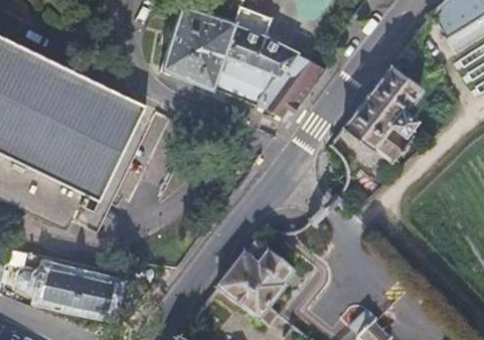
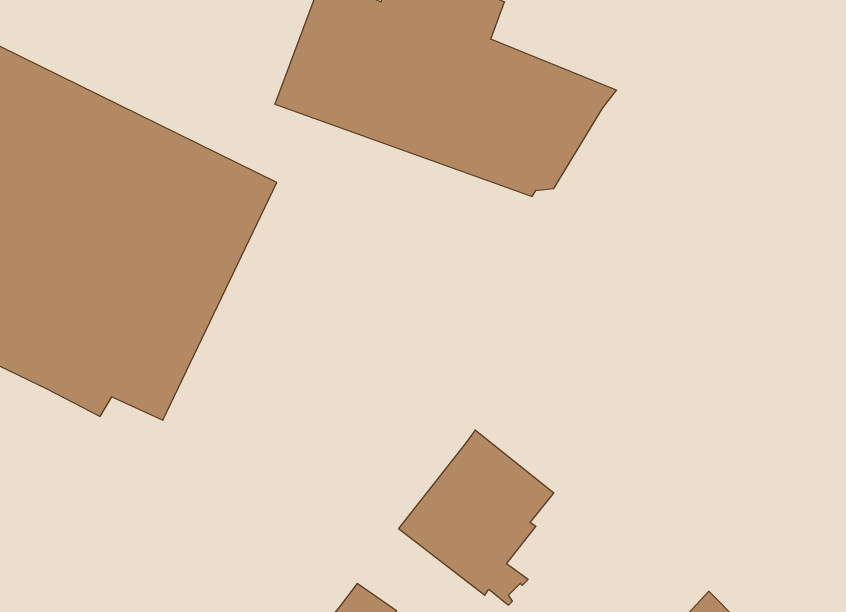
building: [341,61,421,159] -> none
building: [17,262,118,314] -> none

